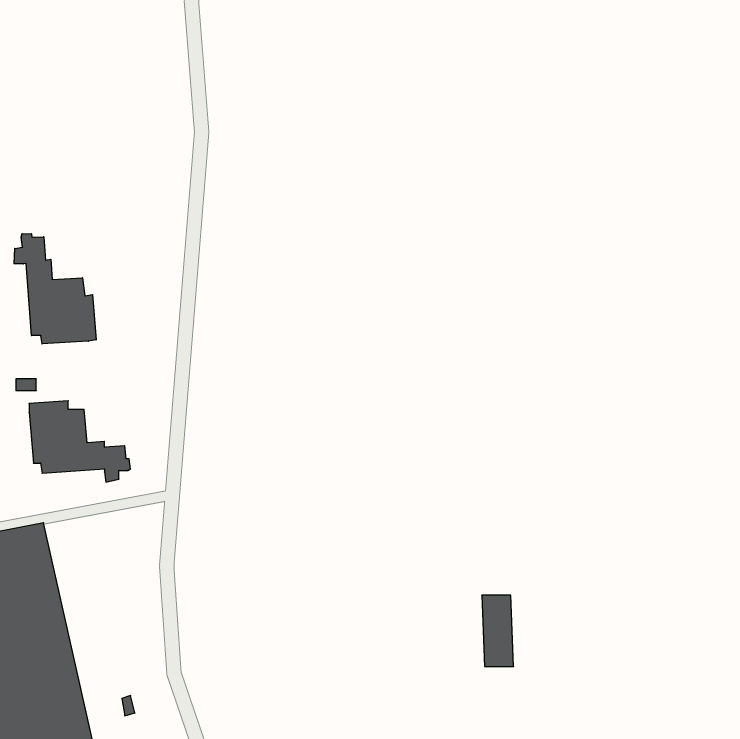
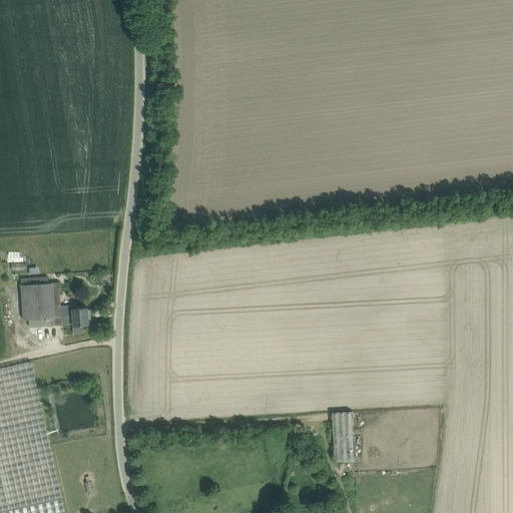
building: [14,234,96,344] -> none

